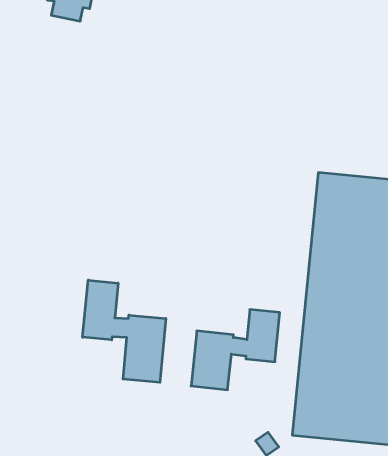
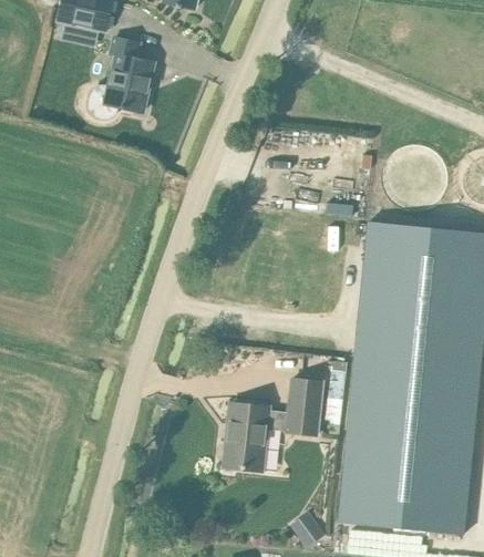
building: none -> [86,37,153,118]
building: [83,280,166,382] -> none

